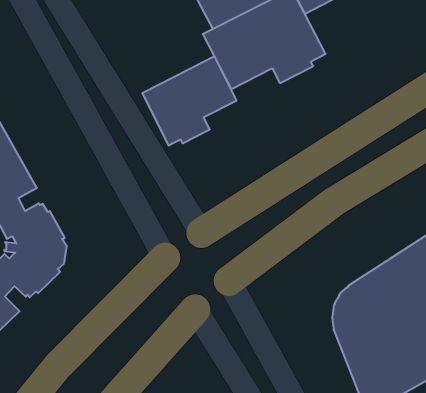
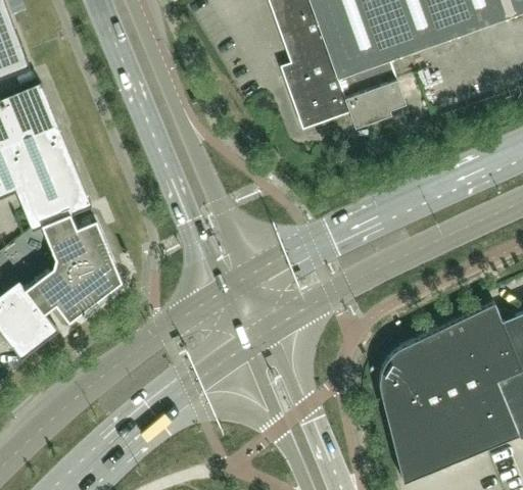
building: [142,56,236,146] -> none

